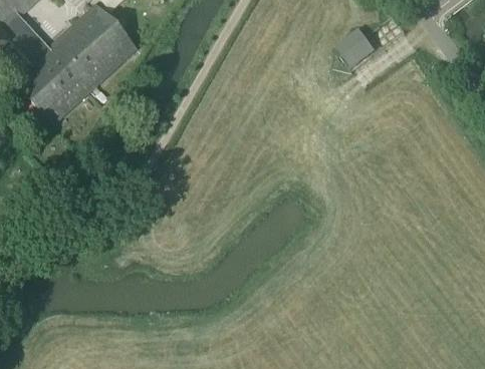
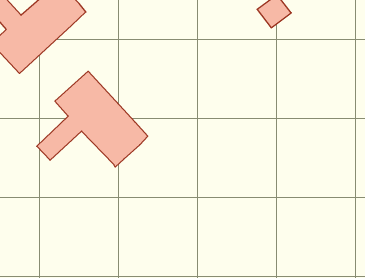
building: none -> [37,71,148,167]

